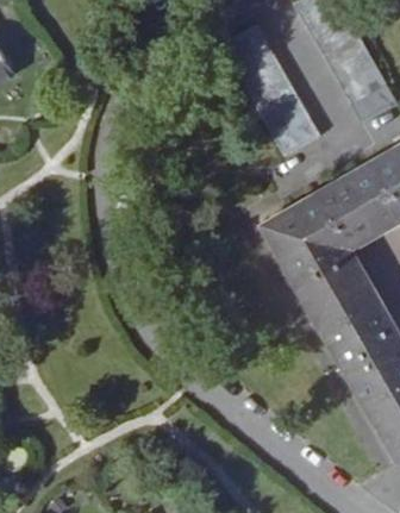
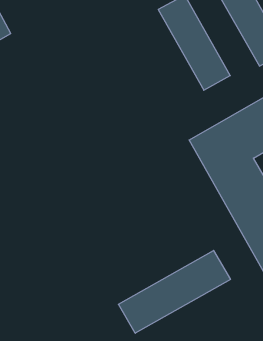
building: none -> [118,250,230,333]

